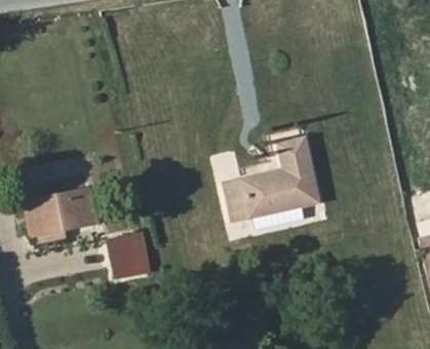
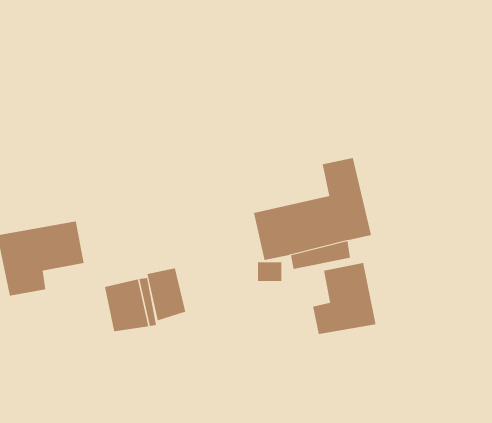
building: none -> [312,262,376,335]
building: none -> [147,267,186,321]

